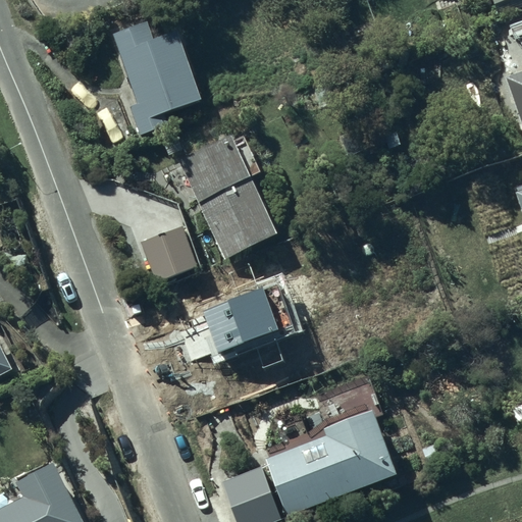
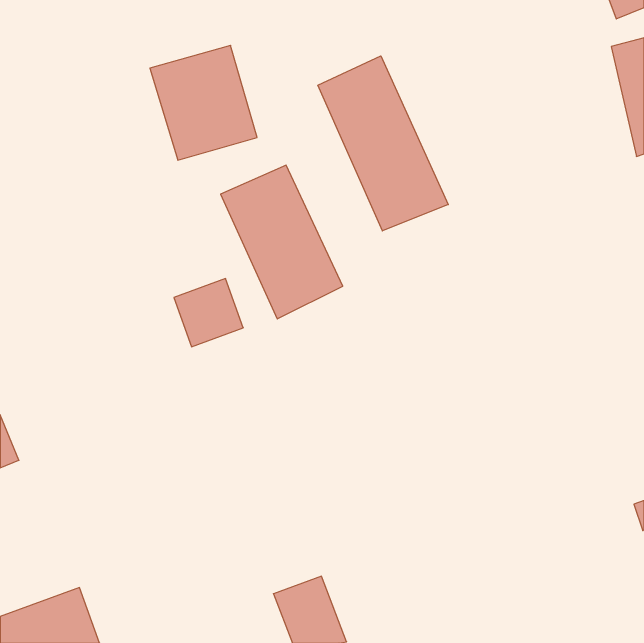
building: none -> [318,56,448,231]
building: [202,284,278,352] -> none
building: [266,409,398,516] -> none

